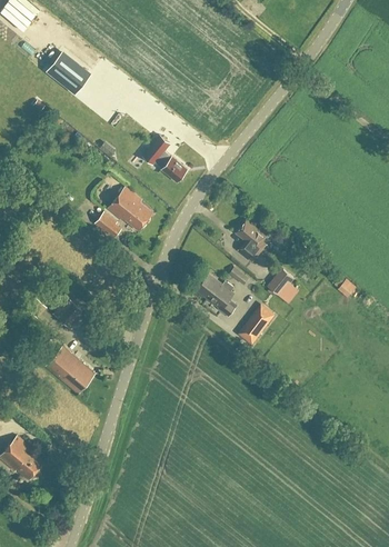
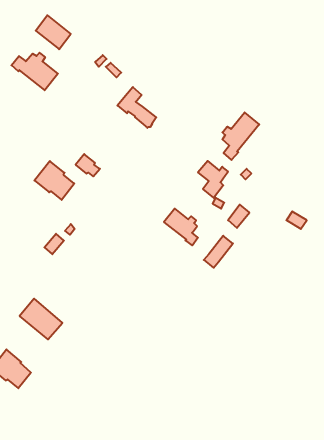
building: none -> [11,53,58,90]
building: none -> [222,112,259,160]
building: [107,186,152,230] -> [34,161,74,200]
building: [46,346,94,392] -> [20,299,62,339]

